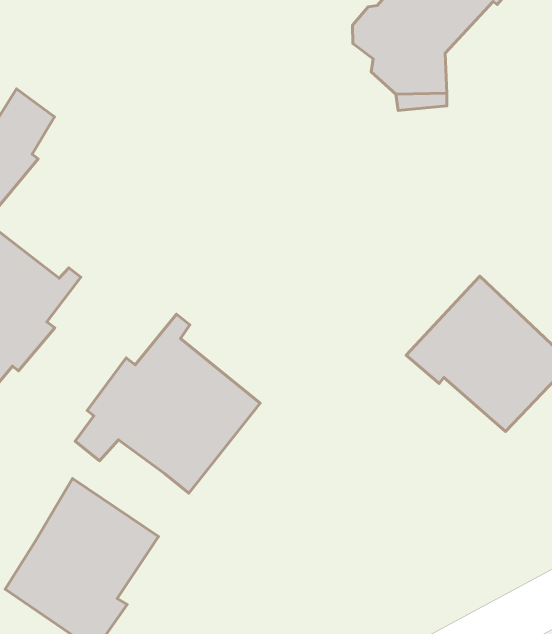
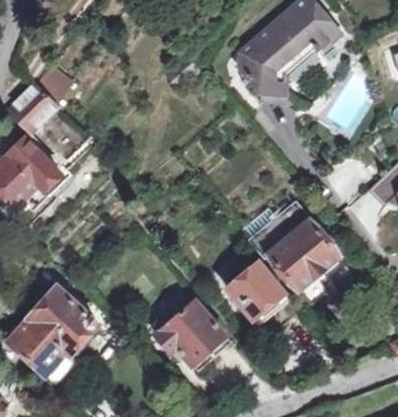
building: [75,314,260,493] -> none
building: none -> [224,260,288,325]
building: none -> [153,299,225,363]

